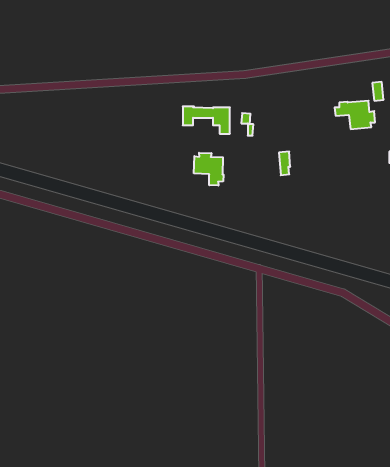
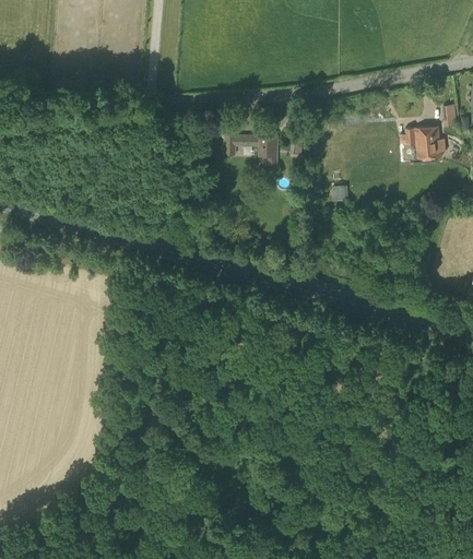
building: [194,153,223,186] -> none

